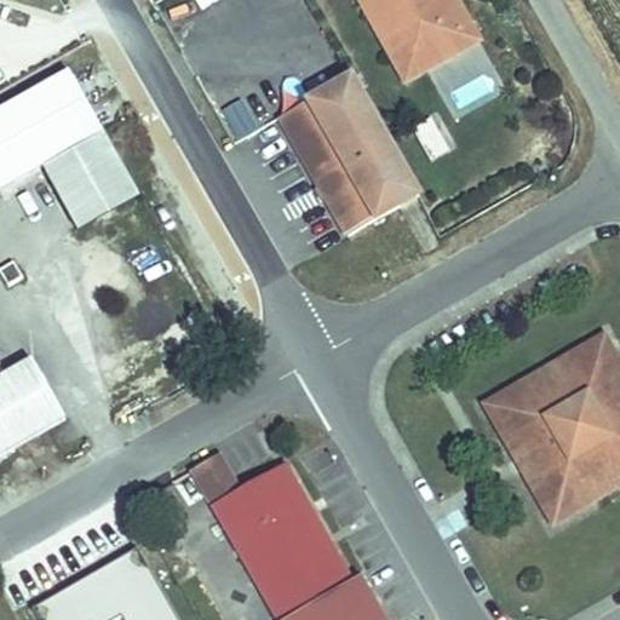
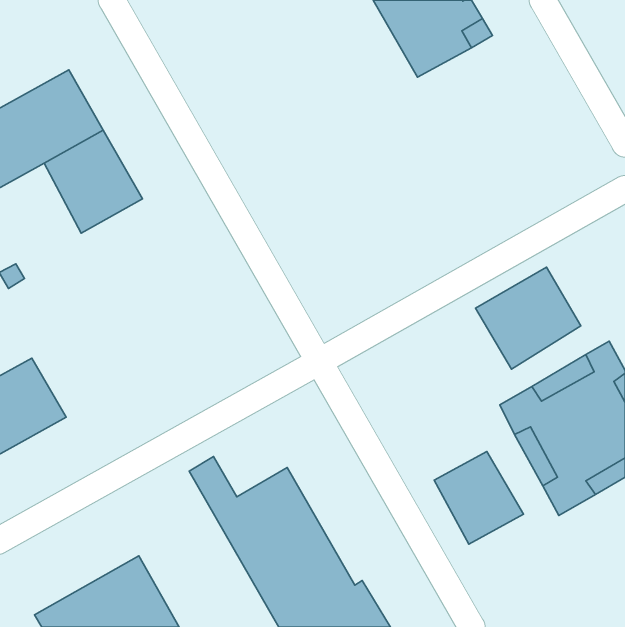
building: [275,74,414,231] -> none
building: none -> [475,267,581,369]
building: none -> [434,452,523,544]

